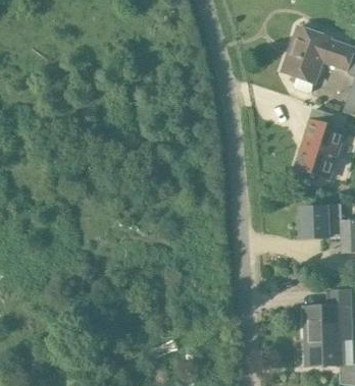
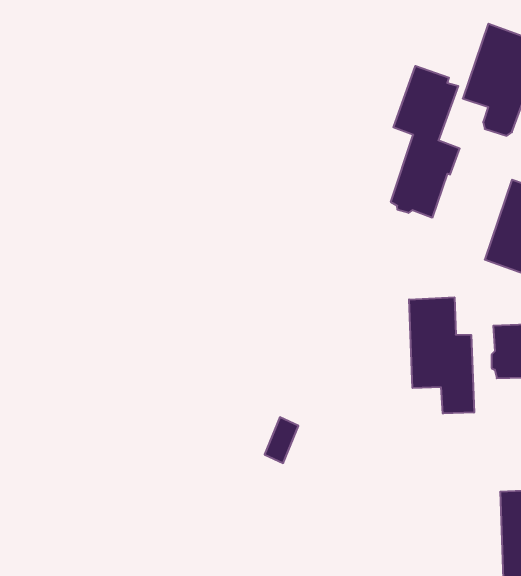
building: none -> [391,66,460,218]
building: none -> [409,297,474,414]

